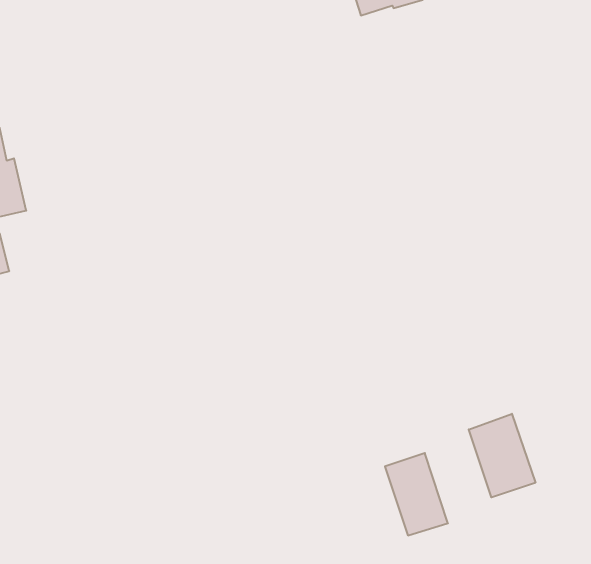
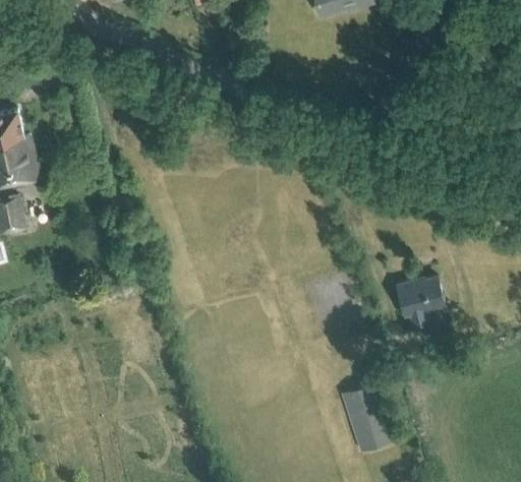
building: none -> [397,277,444,325]
building: [469,414,535,497] -> none

